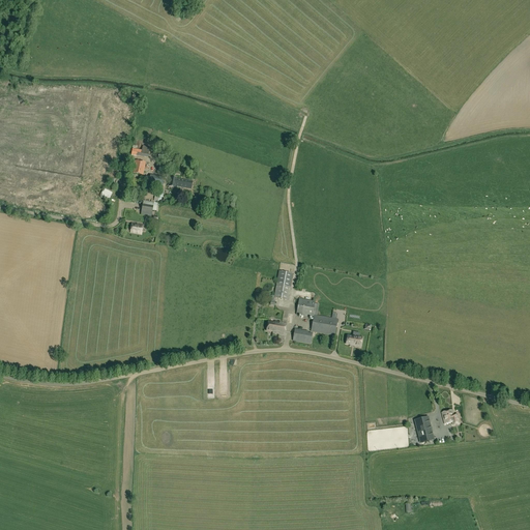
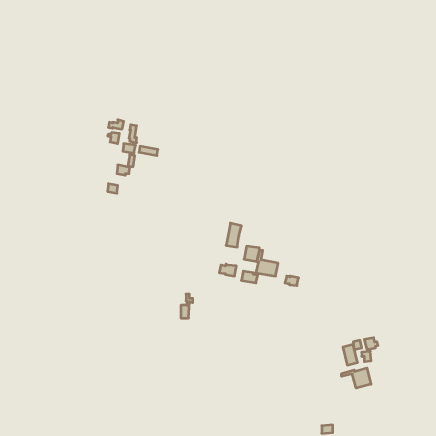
building: none -> [342,368,371,388]

